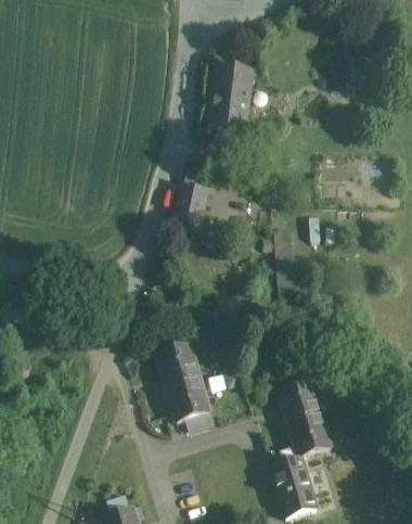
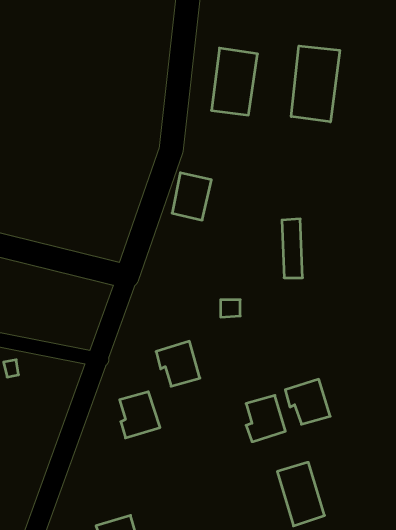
building: none -> [291,46,340,122]
building: [169,375,207,419] -> [120,392,160,438]
building: [292,411,329,455] -> [246,395,285,442]

